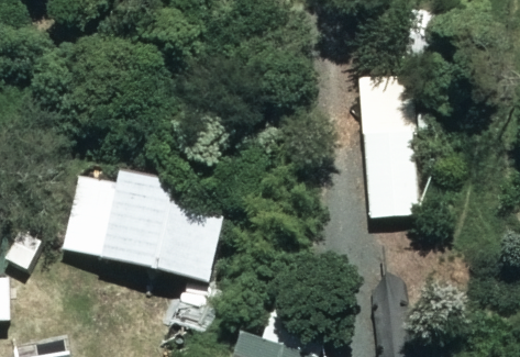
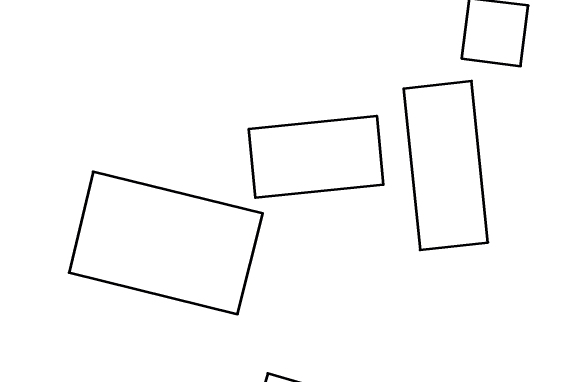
building: none -> [249,116,383,198]

